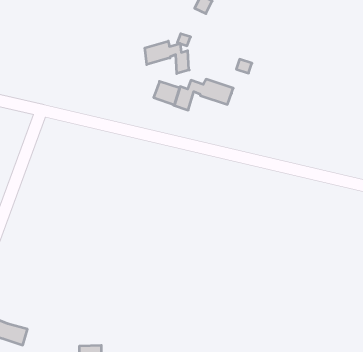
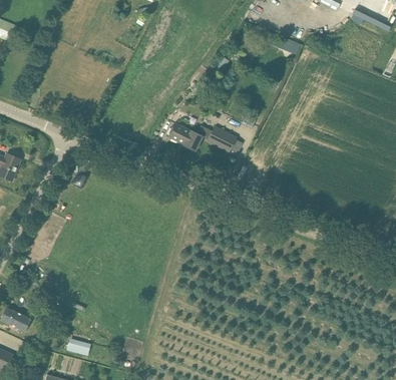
building: [145,41,189,74] -> none

